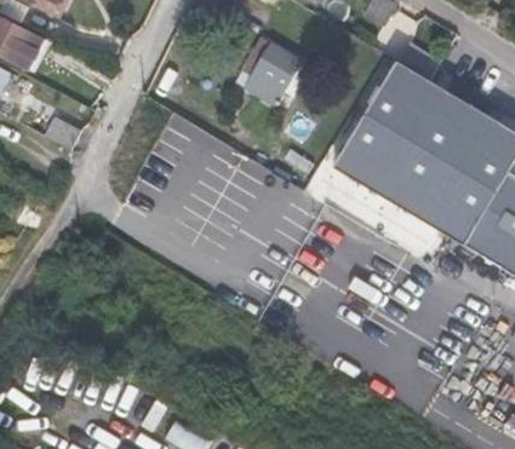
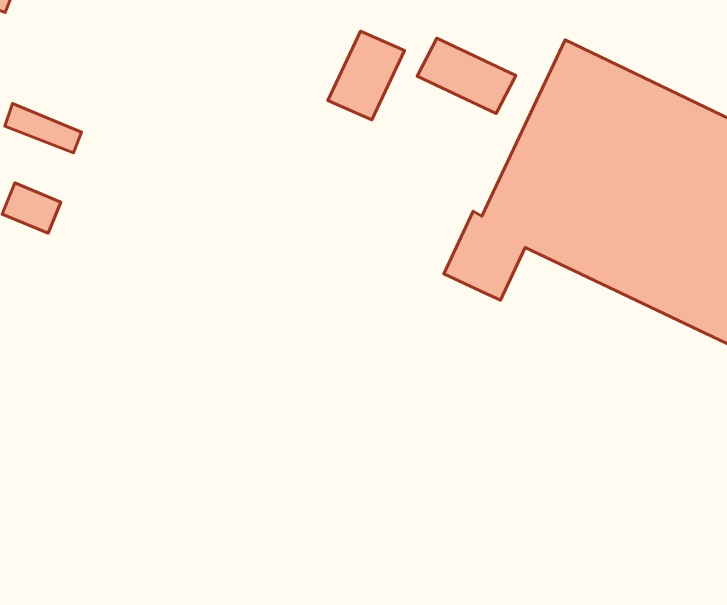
building: none -> [417,38,516,113]

